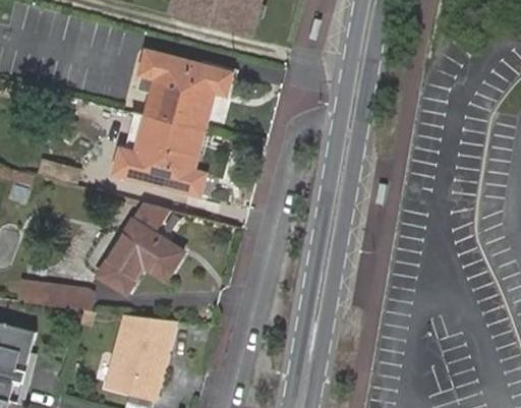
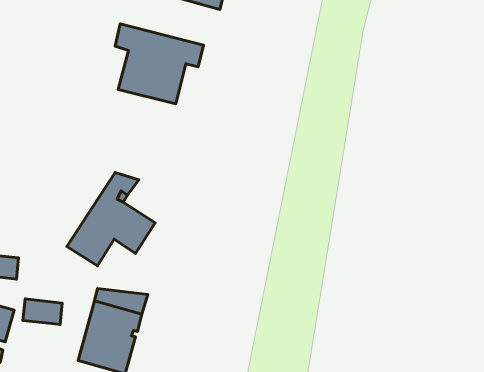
building: [116,116,204,194] -> none
building: [45,283,83,308] -> [23,299,62,325]

